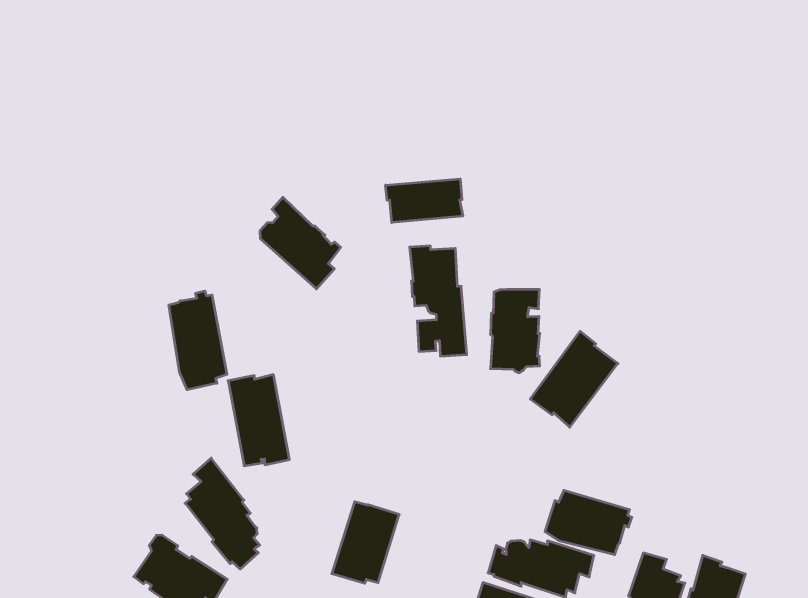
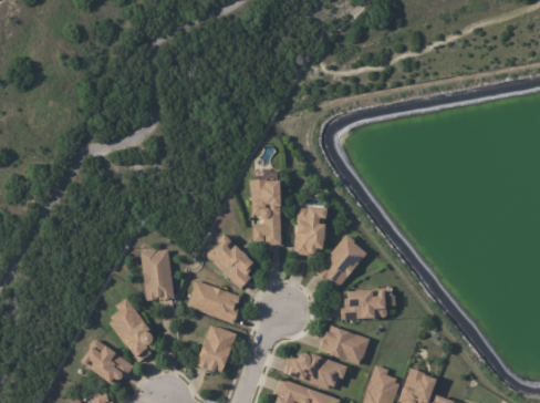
building: [386,179,463,223] -> none
building: [260,197,341,289] -> [209,234,256,288]
building: [169,291,227,390] -> none
building: none -> [189,280,240,323]
building: none -> [341,291,387,320]

